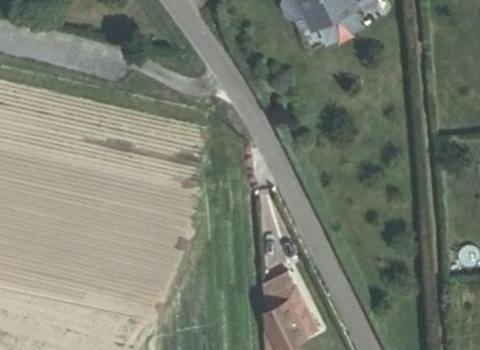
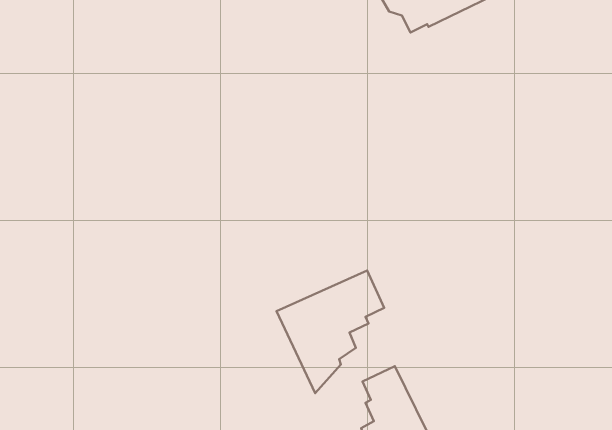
building: none -> [276,271,384,393]

